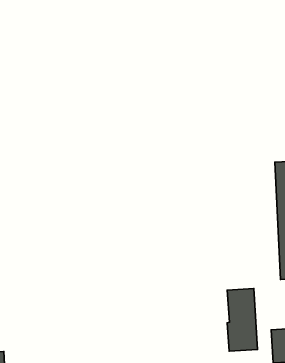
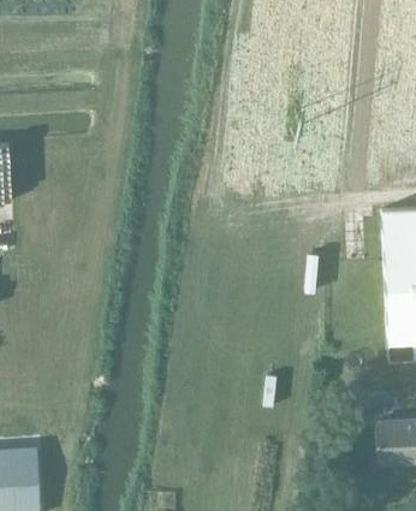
building: [227,289,257,351] -> none

